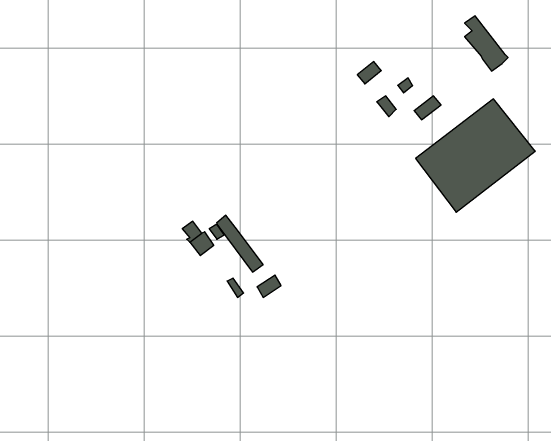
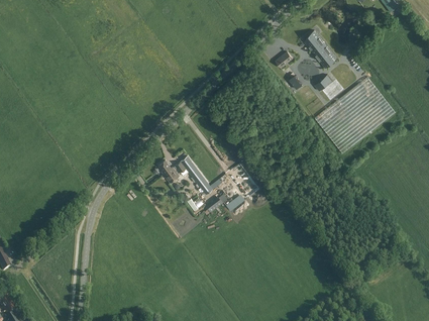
building: [465,16,508,71] -> [306,27,335,65]

